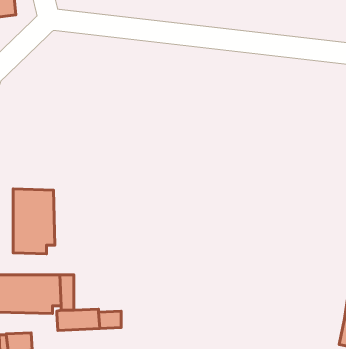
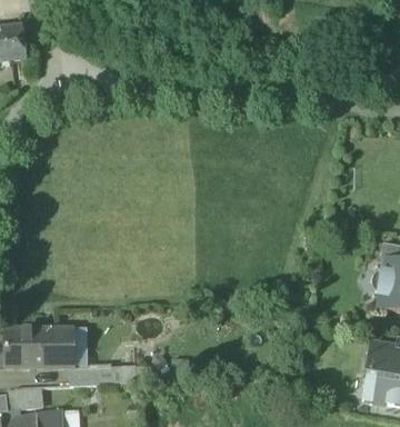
building: [13,189,55,254] -> none

